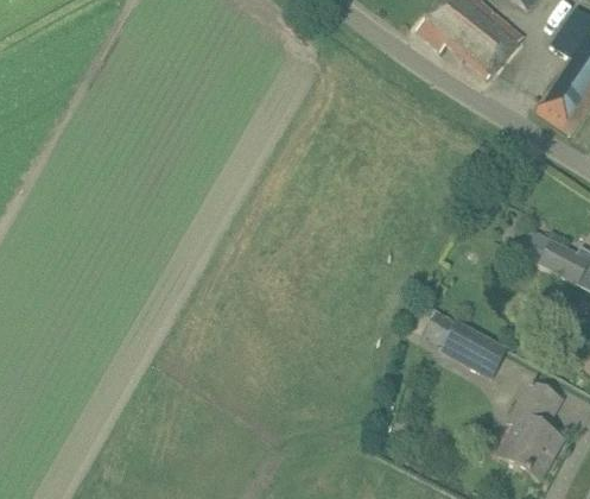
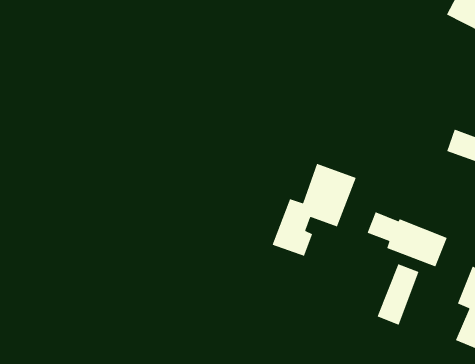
building: none -> [271,163,357,257]
building: none -> [377,263,420,326]

